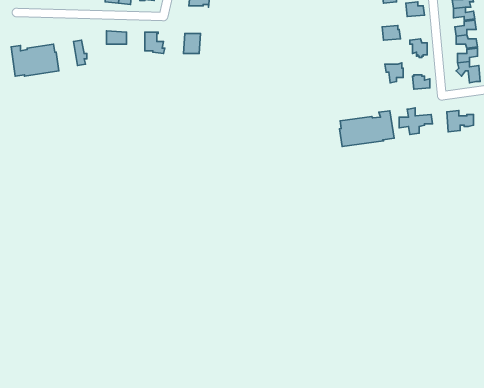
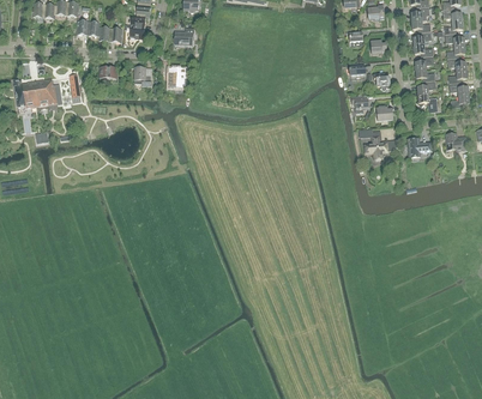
building: [340,111,394,146] -> none

